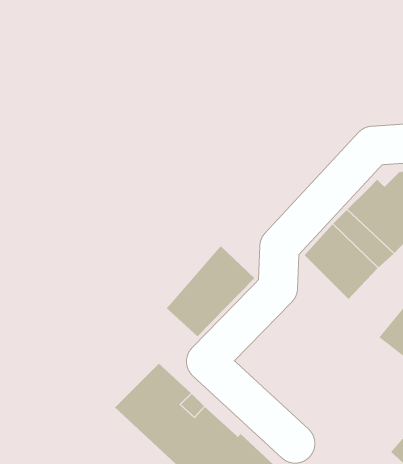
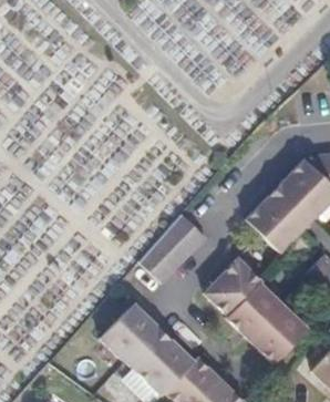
building: none -> [206,258,310,362]

